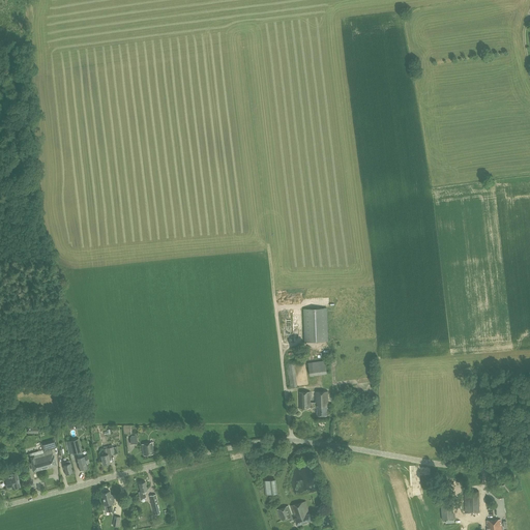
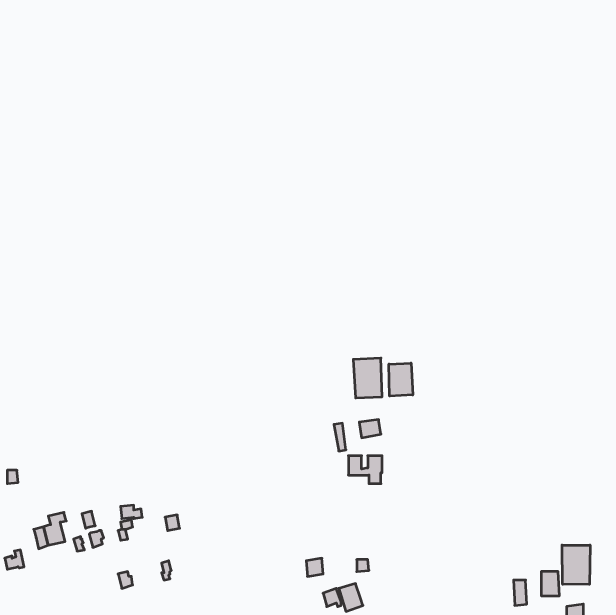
building: none -> [389,363,413,396]
building: none -> [562,545,590,584]

